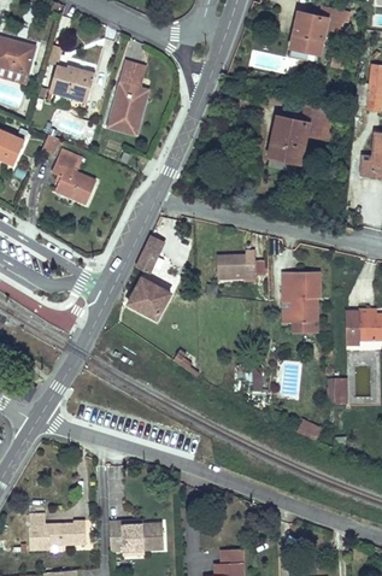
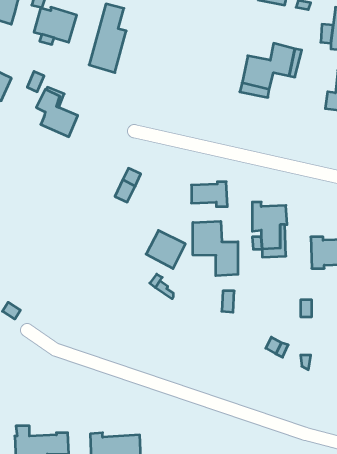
building: [128,278,170,319] -> [146,230,185,269]
building: none -> [193,221,238,276]

